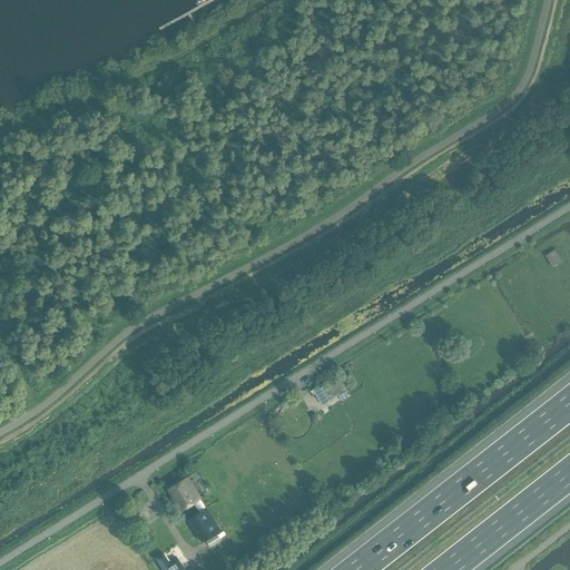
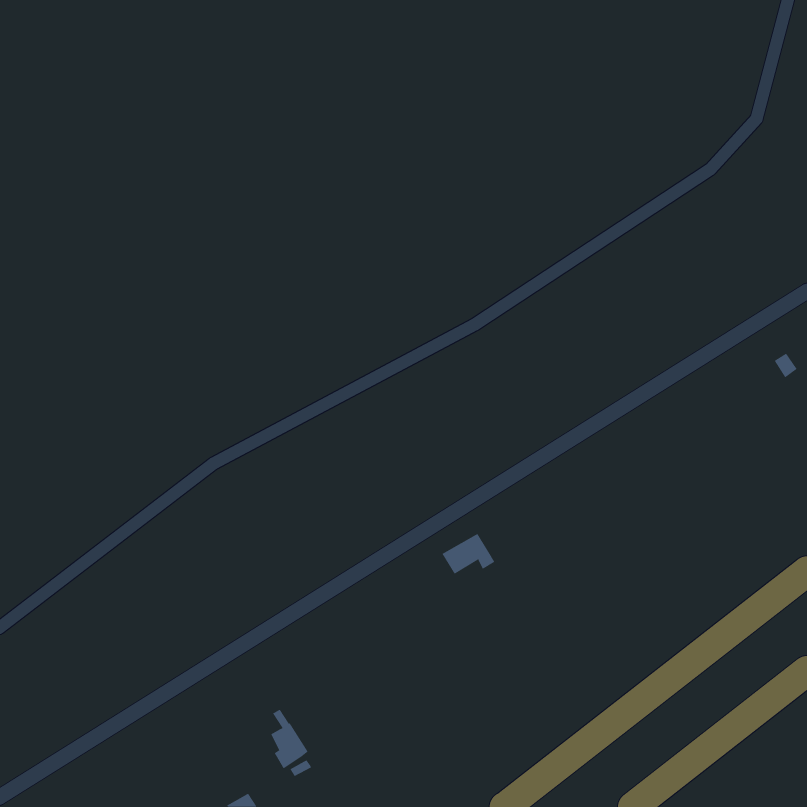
building: [167,478,197,510] -> none

